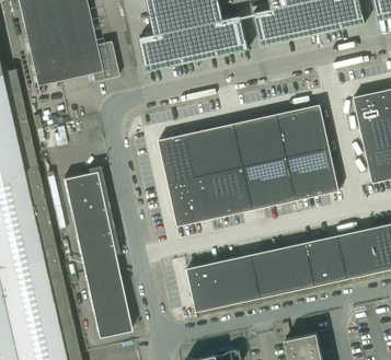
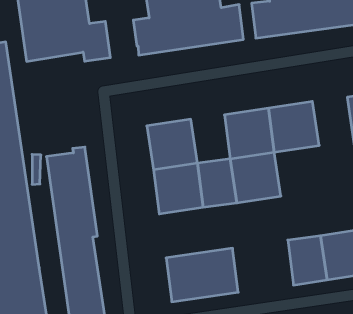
building: [202,124,243,173] -> none
building: [286,147,338,199] -> none
building: [252,242,314,297] -> none

